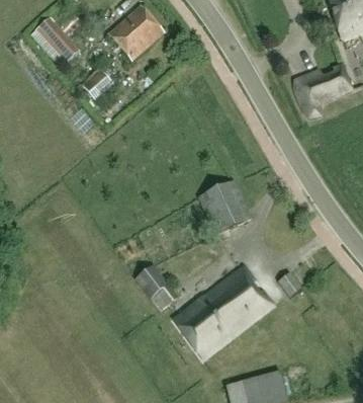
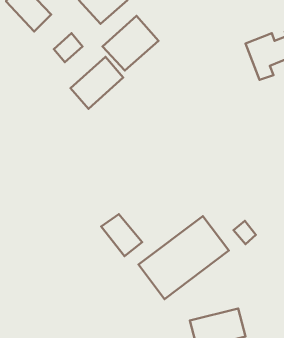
building: none -> [103,16,159,70]
building: none -> [71,57,123,109]
building: [200,181,251,233] -> none

